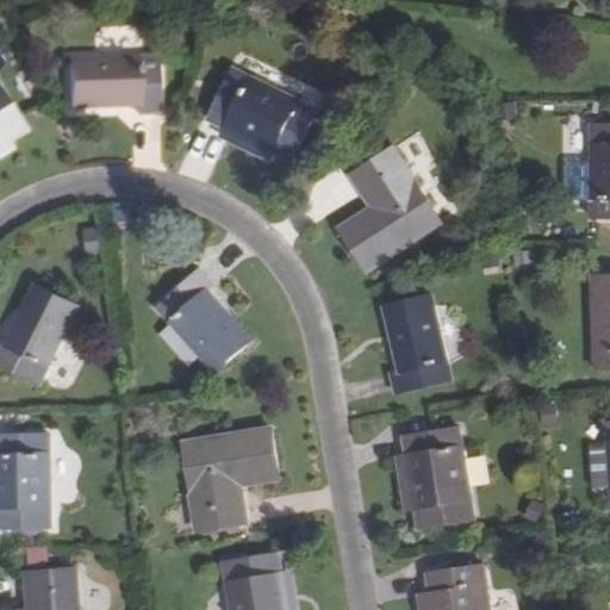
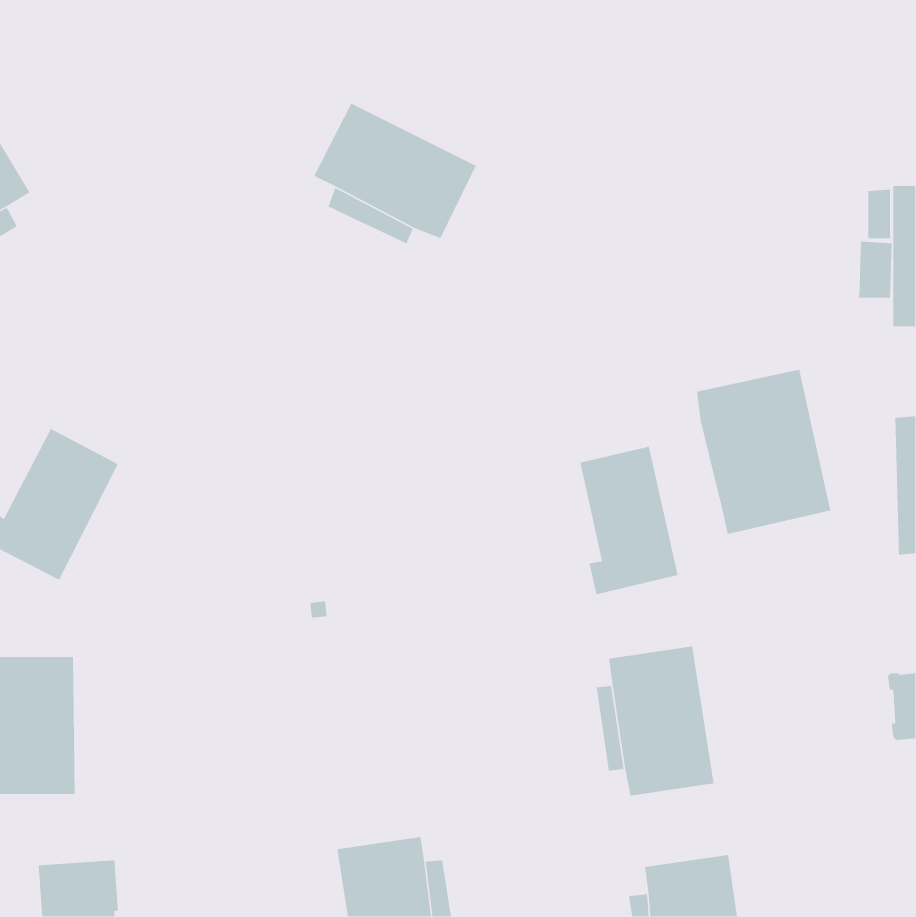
building: [67,57,156,113] -> none
building: [340,147,440,270] -> none
building: none -> [696,369,831,535]
building: [156,270,249,371] -> none
building: [183,427,279,530] -> none

